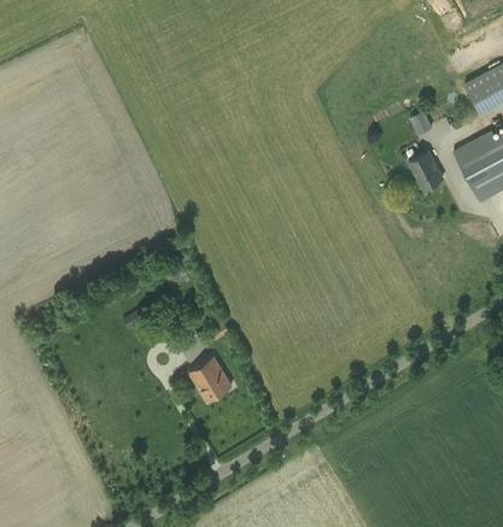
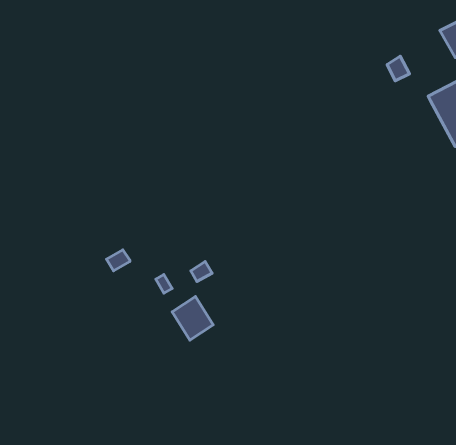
building: [409,151,443,188] -> none

